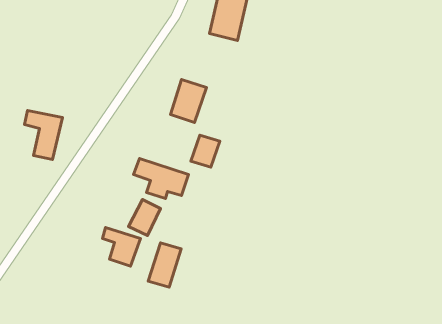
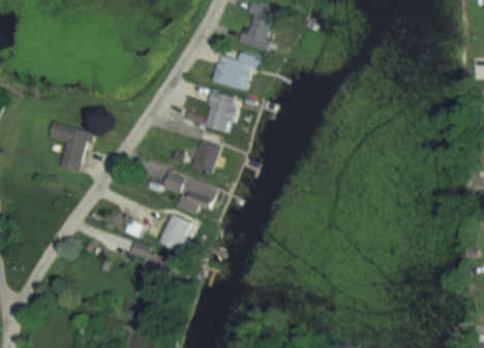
building: none -> [212,51,254,90]
building: [191,135,220,167] -> [189,140,219,173]
building: [148,243,181,287] -> none

